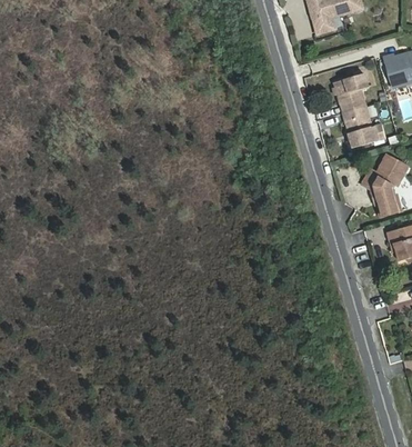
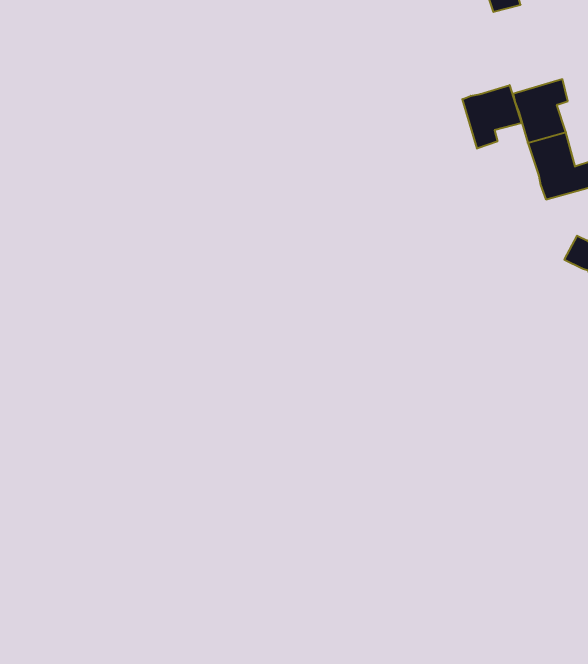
building: none -> [462,85,521,149]

